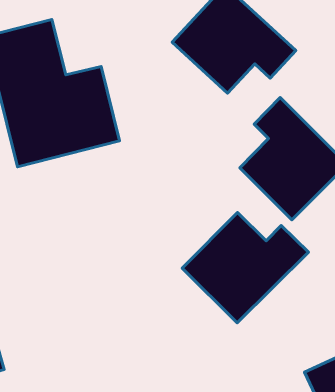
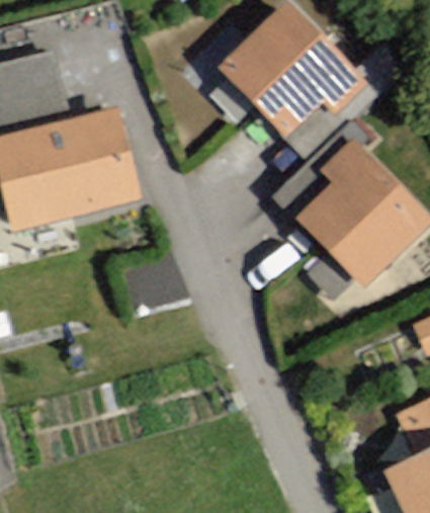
building: [182,213,308,323] -> none

